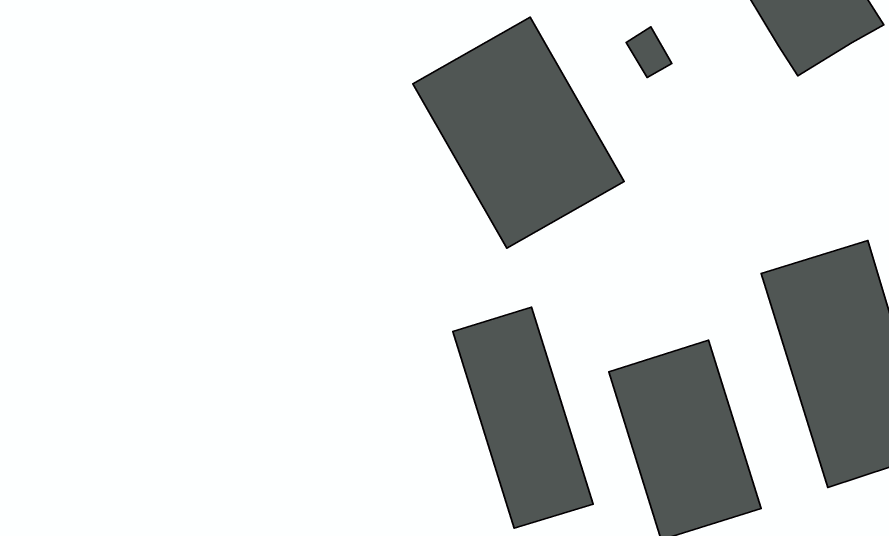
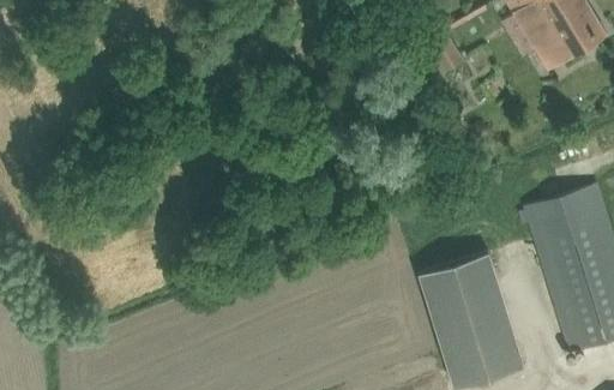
building: [413,17,624,248] -> none
building: [453,307,593,528] -> none

